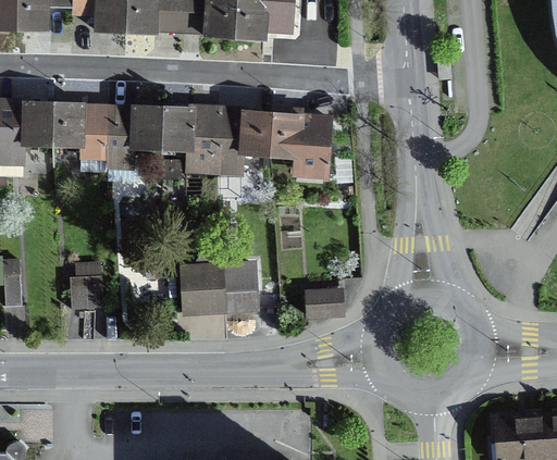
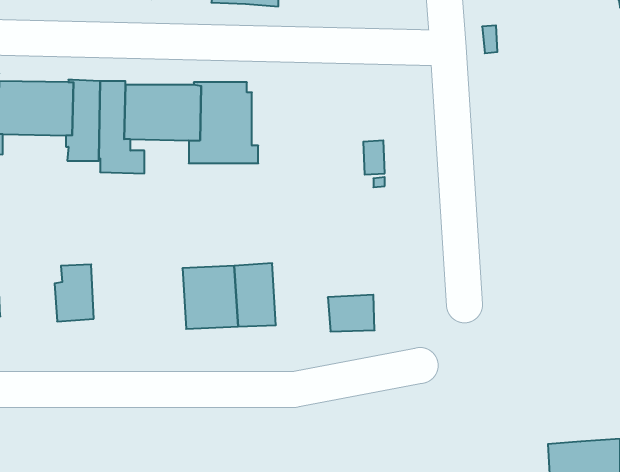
building: [239,108,332,179] -> none

